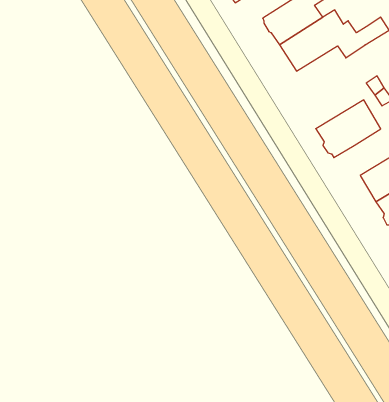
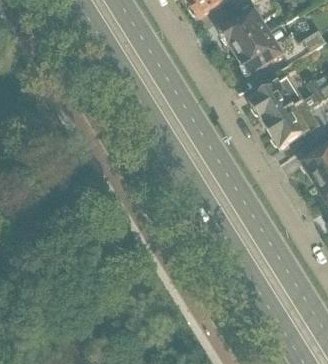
building: none -> [250,74,305,122]

